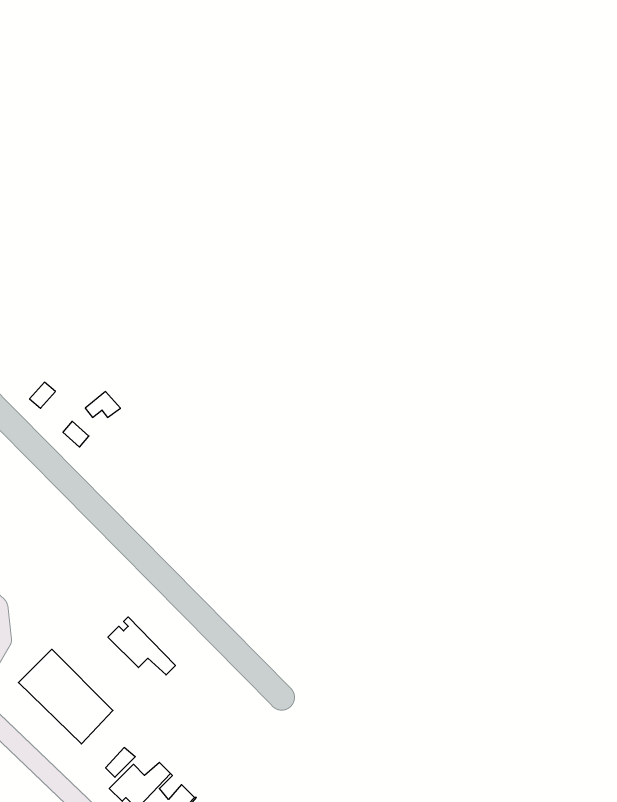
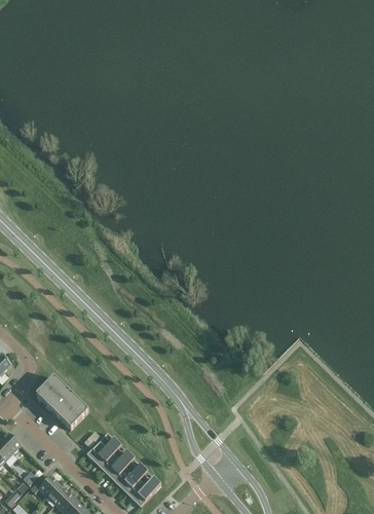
building: [108,617,175,675] -> none

